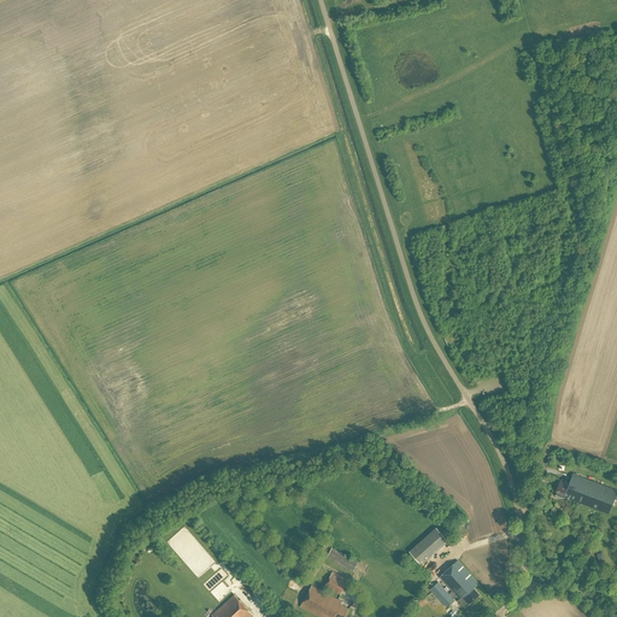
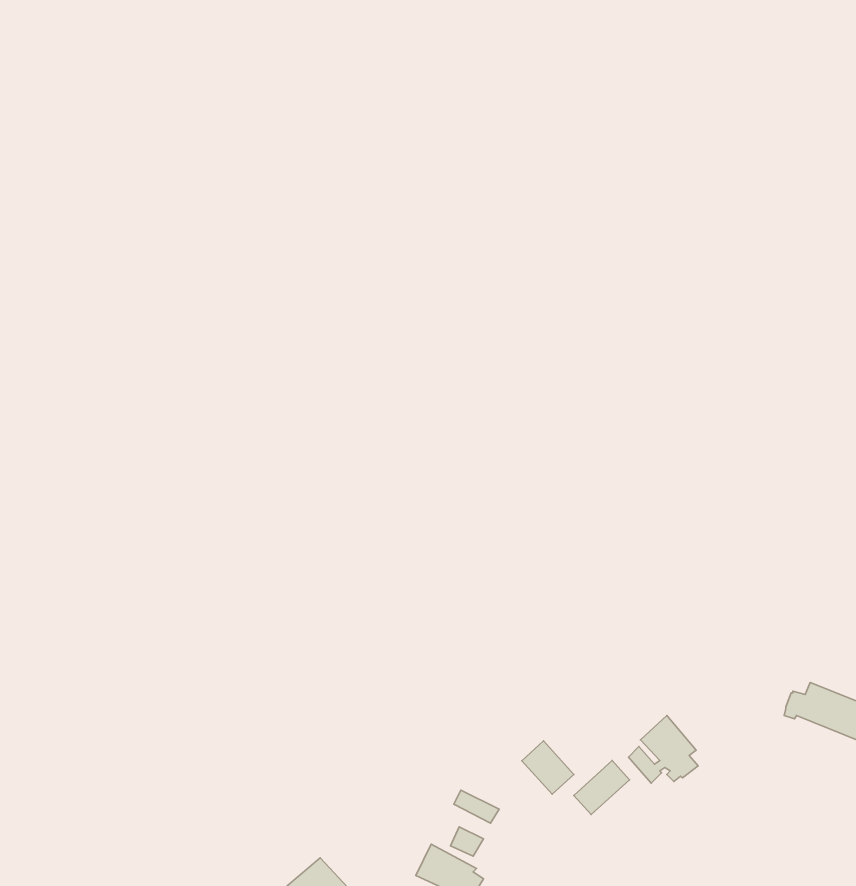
building: none -> [522,741,574,794]
building: [431,560,480,607] -> [628,715,698,783]

